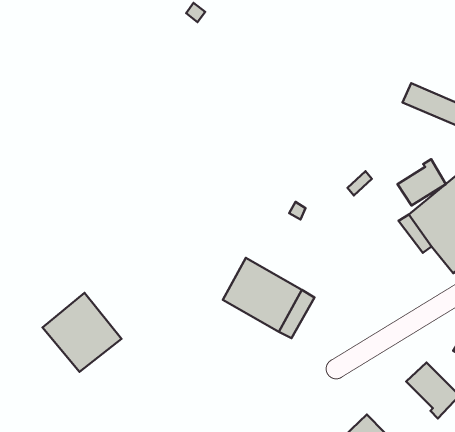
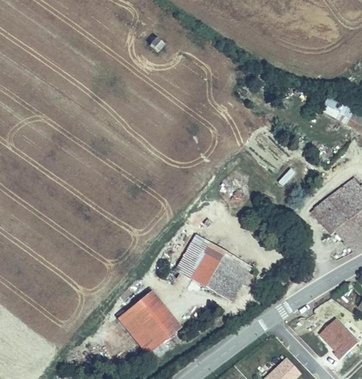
building: [397,159,446,206] -> none
building: [43,293,122,372] -> [115,291,177,353]

